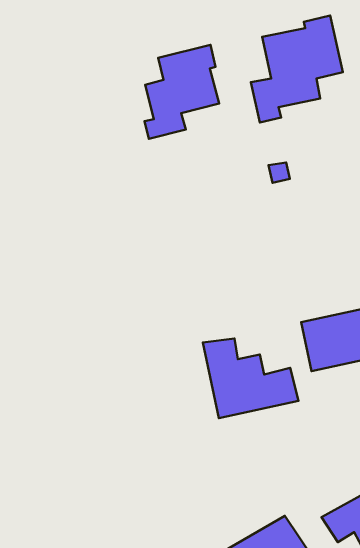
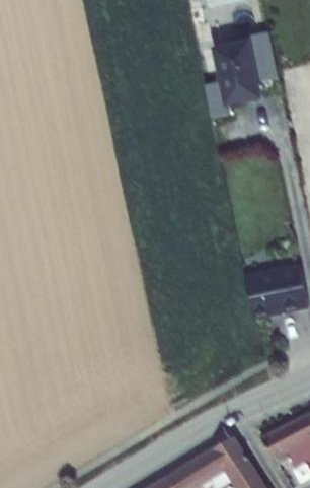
building: [145,45,219,139] -> none
building: [203,338,298,418] -> none

